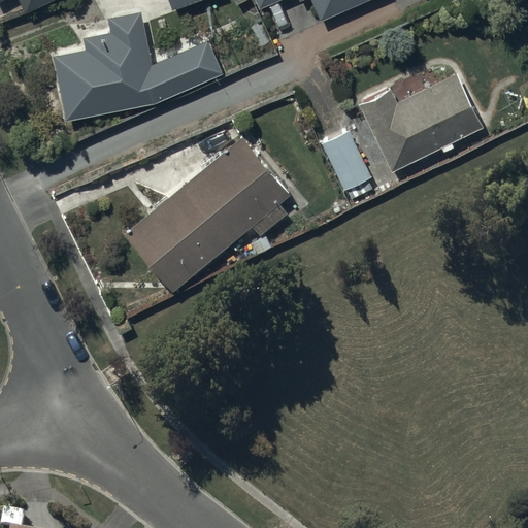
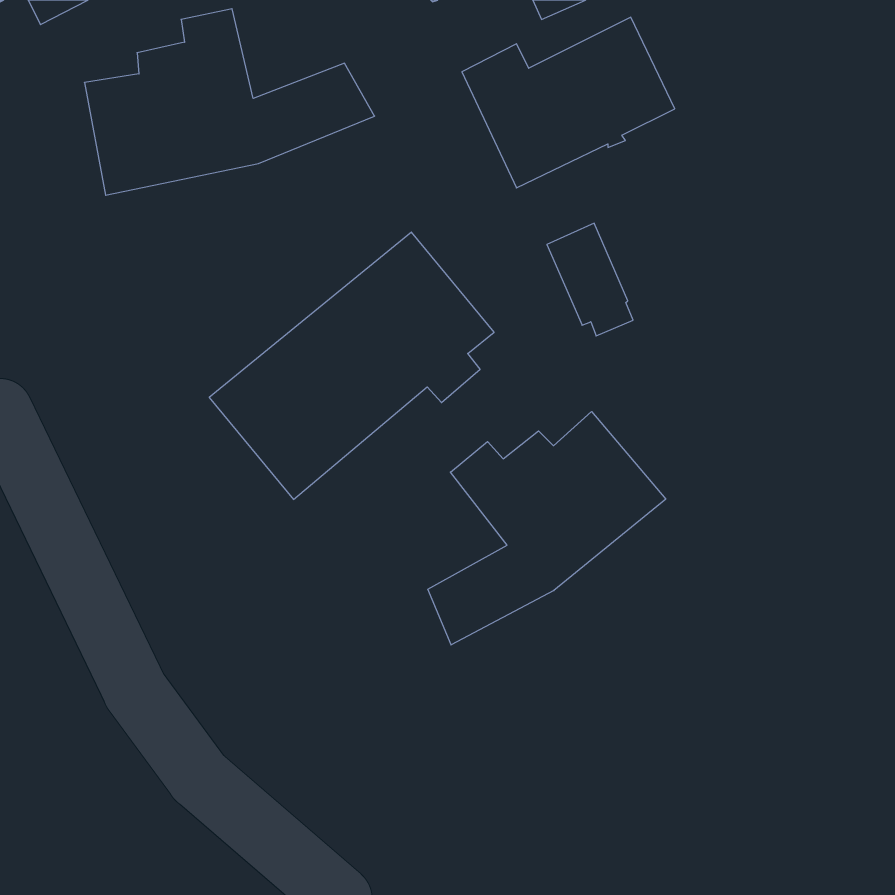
building: [359,74,484,174] -> [462,17,675,188]
building: none -> [428,412,666,645]

